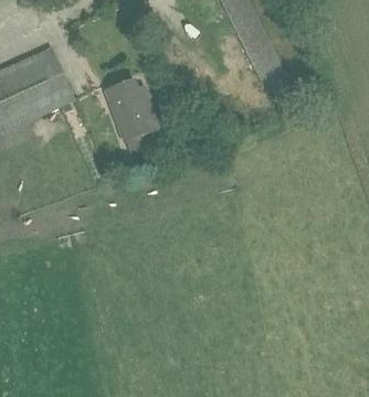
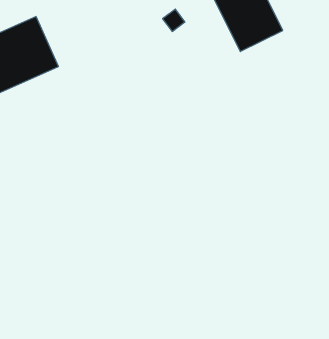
building: [105,79,156,157] -> none

